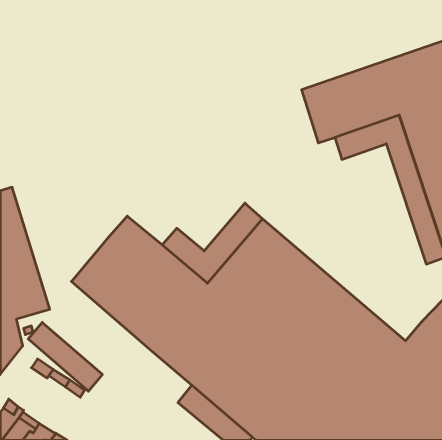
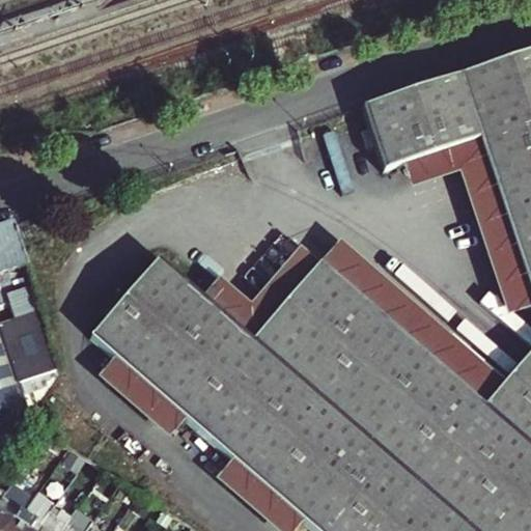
building: none -> [316,237,506,406]
building: [28,322,102,391] -> [96,356,185,438]

